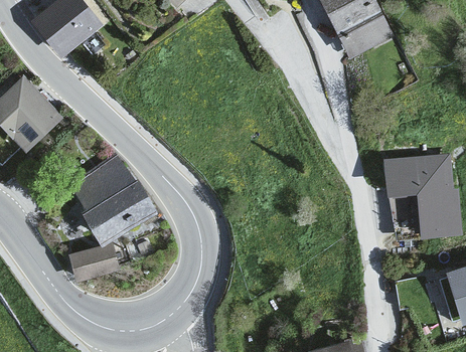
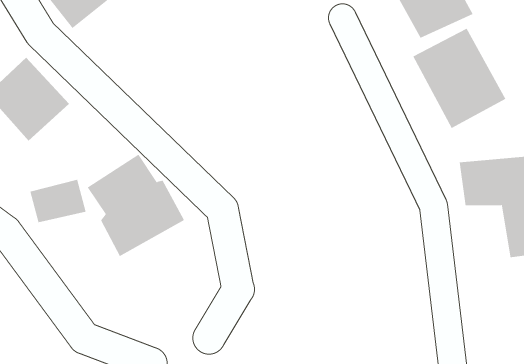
building: none -> [413,28,506,129]
building: [69,241,117,278] -> [29,179,86,223]

